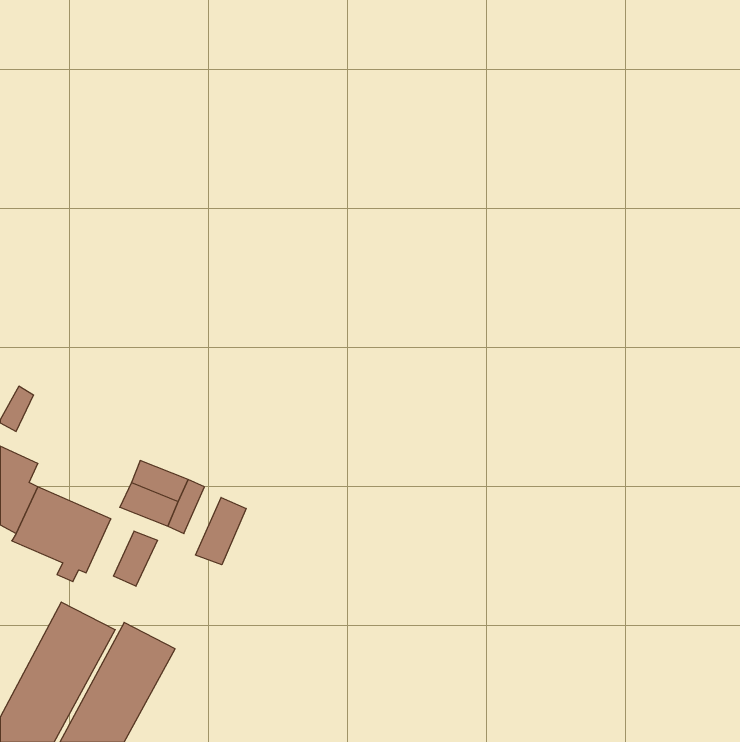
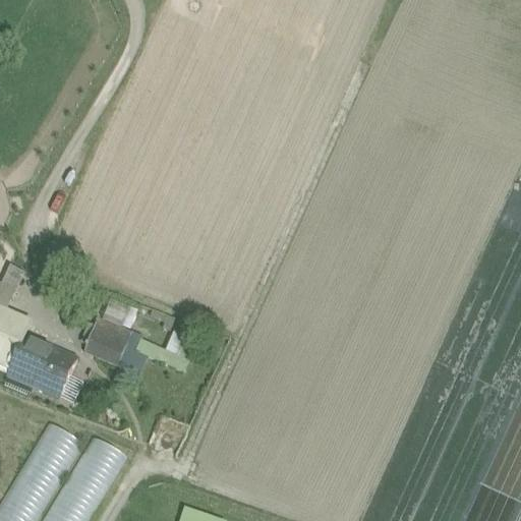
building: [195,497,246,565] -> none
building: [113,531,158,586] -> none

